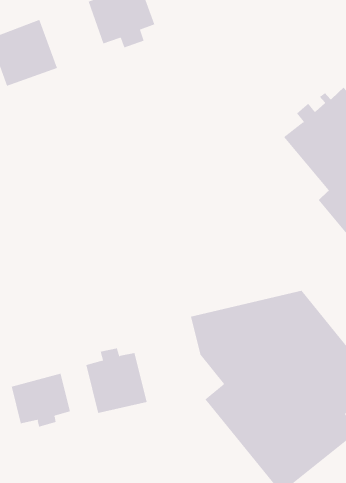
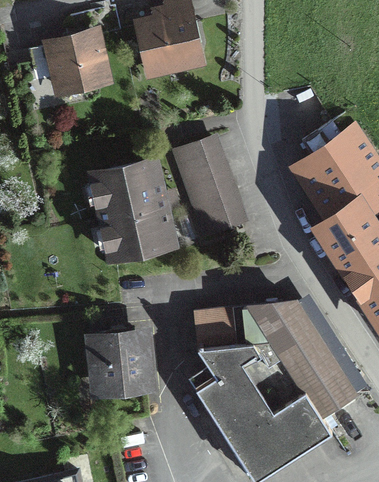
building: none -> [173,137,238,232]
building: none -> [91,160,170,256]
building: [11,373,70,427] -> none

